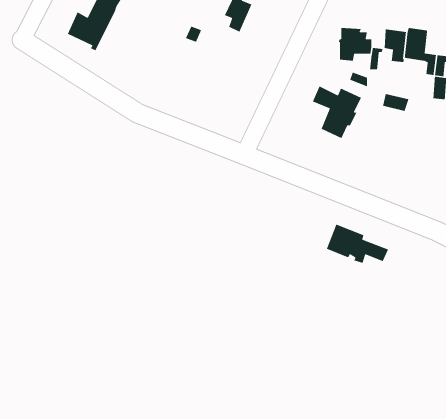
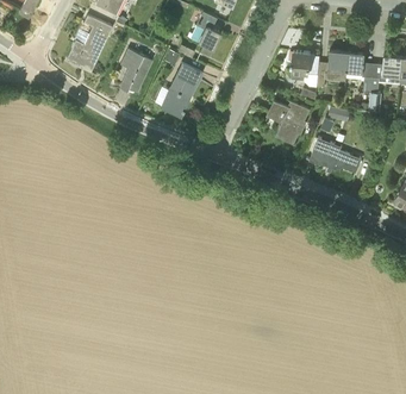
building: none -> [119,48,151,92]
building: none -> [161,64,201,115]
building: [326,223,389,264] -> [310,137,362,170]

